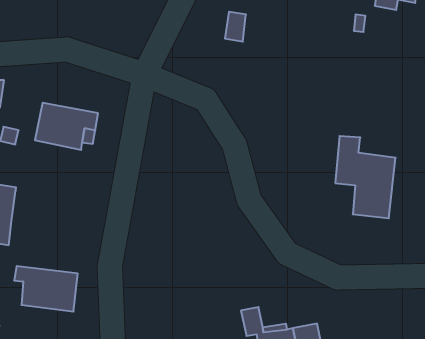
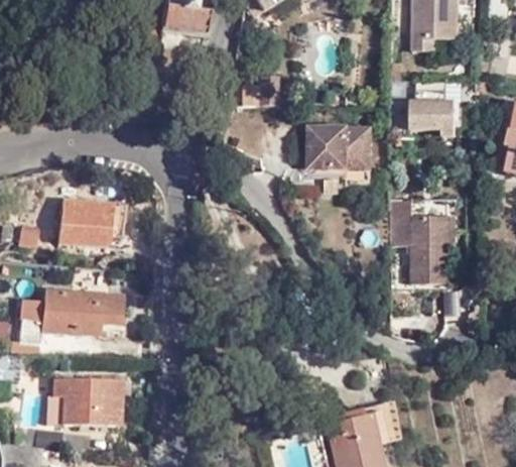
building: none -> [414,81,460,138]
building: none -> [304,127,367,168]
building: none -> [39,290,120,334]

